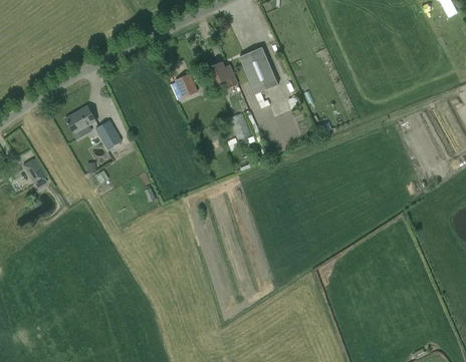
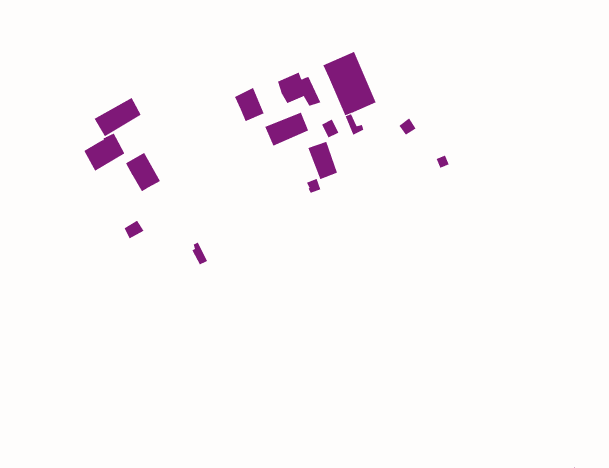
building: none -> [94,97,142,137]
building: none -> [265,112,309,147]
building: [22,158,47,190] -> none

